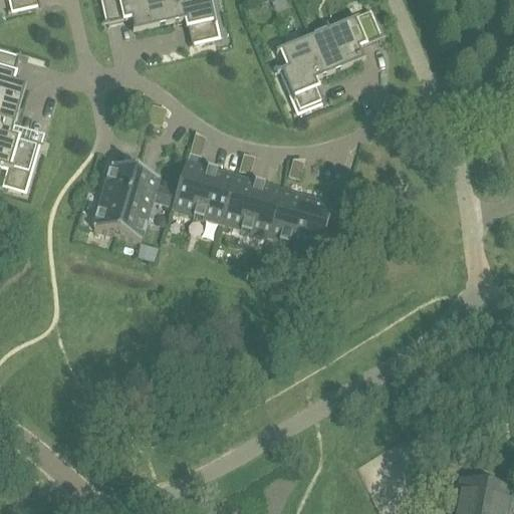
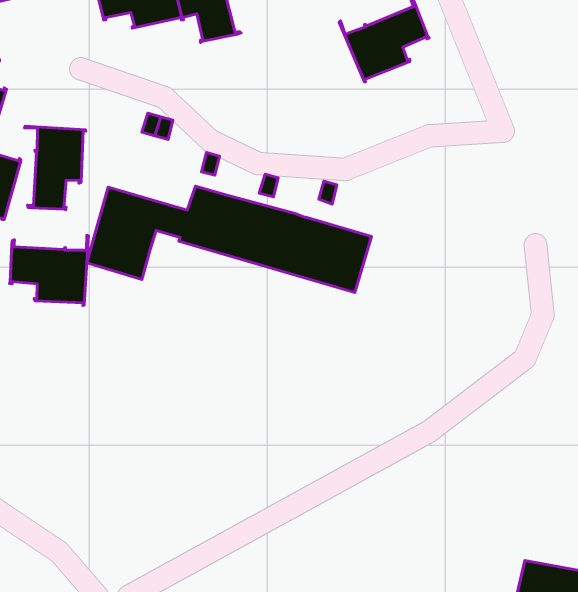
building: [275,23,326,111] -> none
building: none -> [24,126,86,210]
building: none -> [10,235,88,306]

